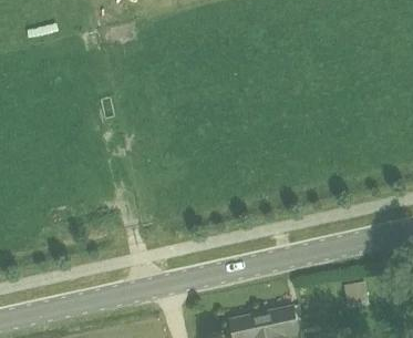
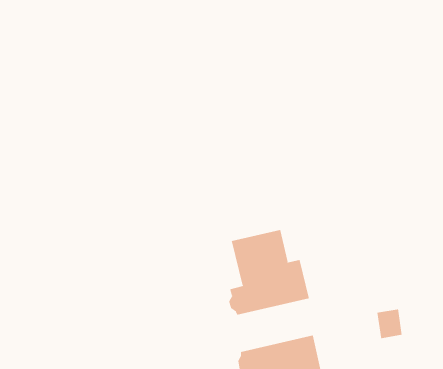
building: none -> [229,229,309,316]

